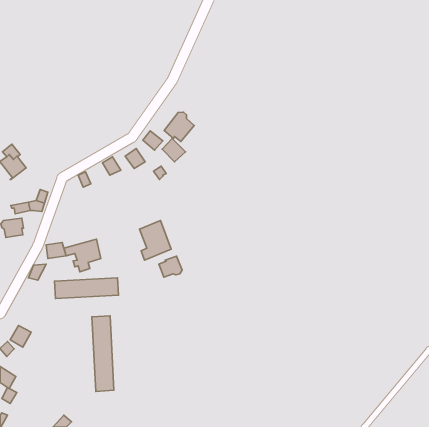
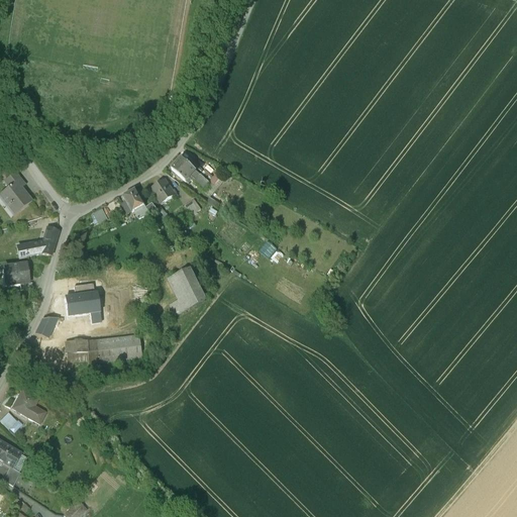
building: [164,112,194,142] -> none
building: [159,256,182,277] -> none
building: [92,316,114,391] -> none

